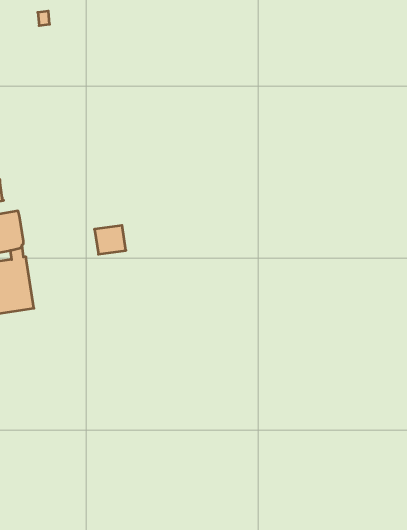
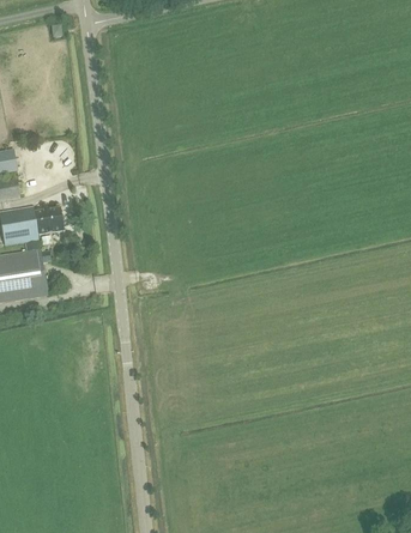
building: [94,225,126,254] -> [34,207,62,234]

